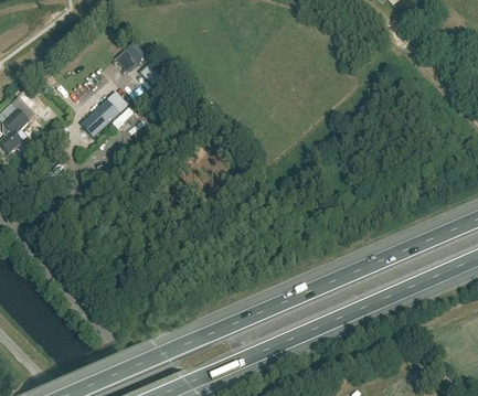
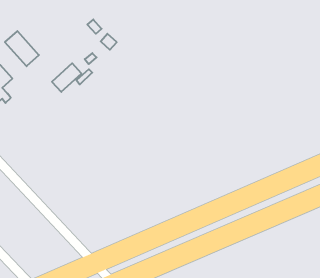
building: none -> [5,31,39,66]

